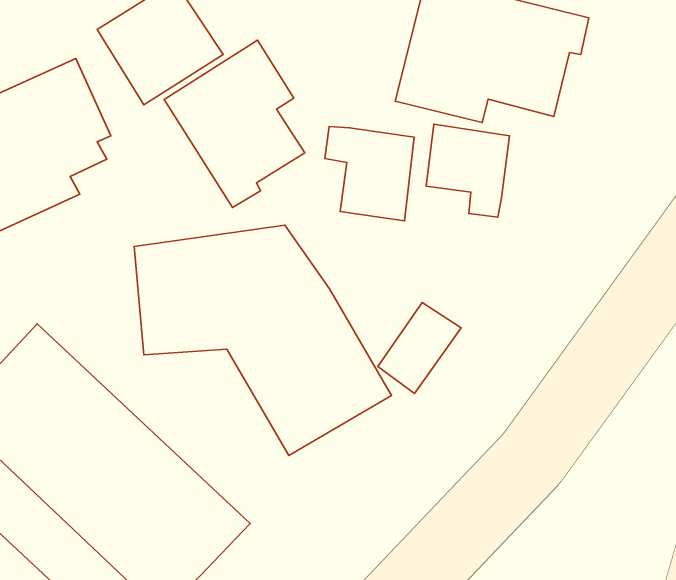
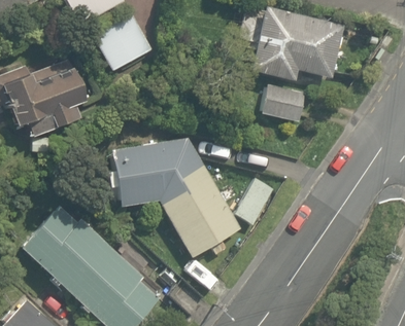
building: [164,40,305,207] -> none
building: [325,127,414,221] -> none

